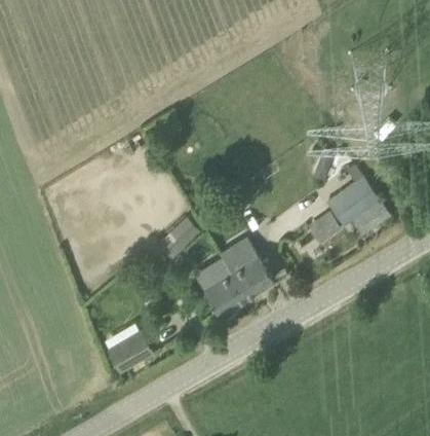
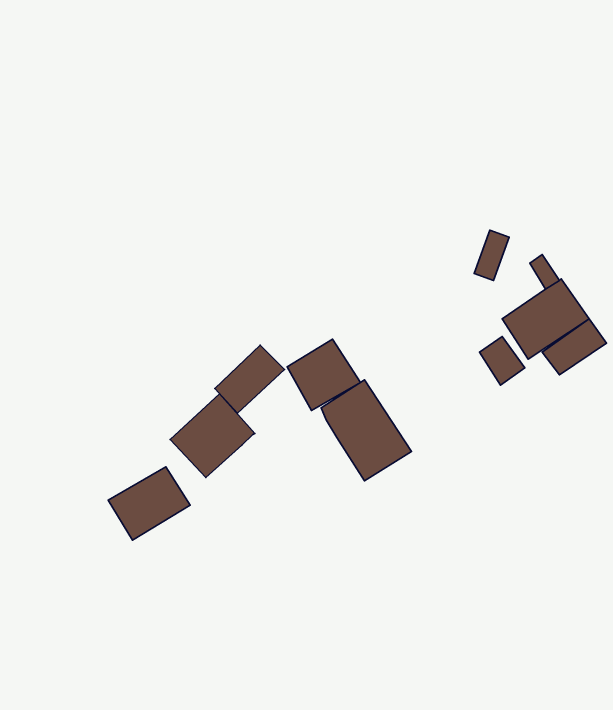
building: none -> [170,394,255,478]
building: [202,271,245,314] -> [287,339,360,410]
building: [105,329,153,372] -> [108,467,190,540]

